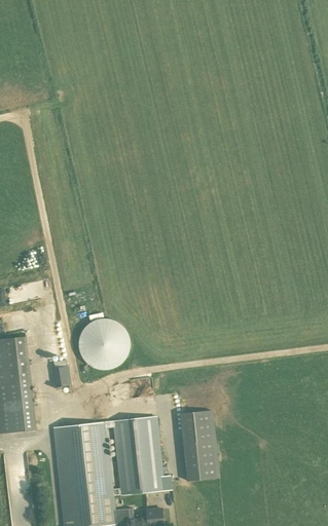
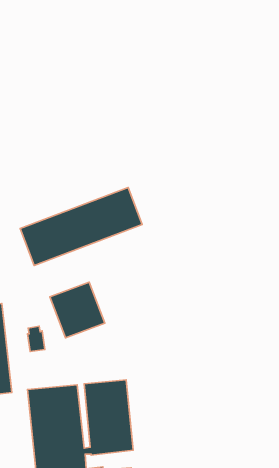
building: none -> [20,188,142,265]
building: [180,410,217,480] -> none

